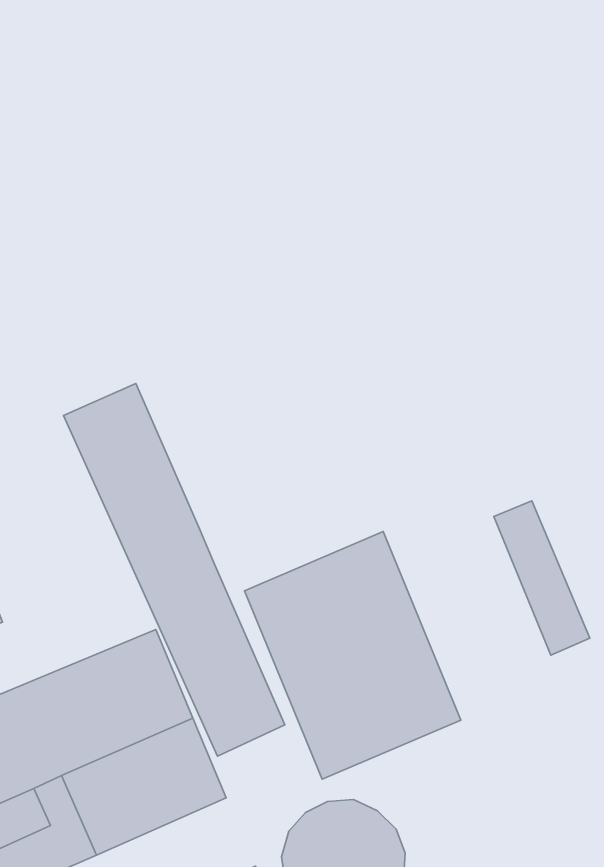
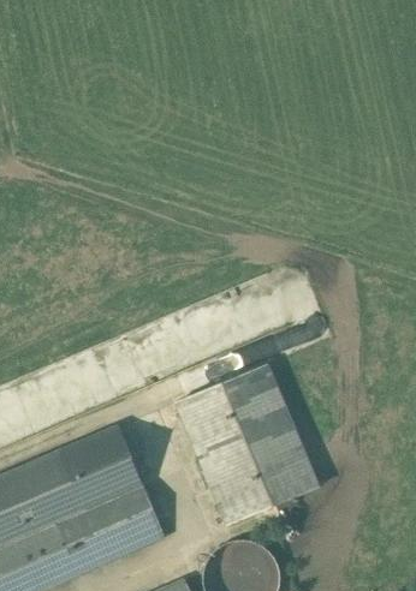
building: [63,383,285,756] -> none
building: [494,501,590,655] -> none

